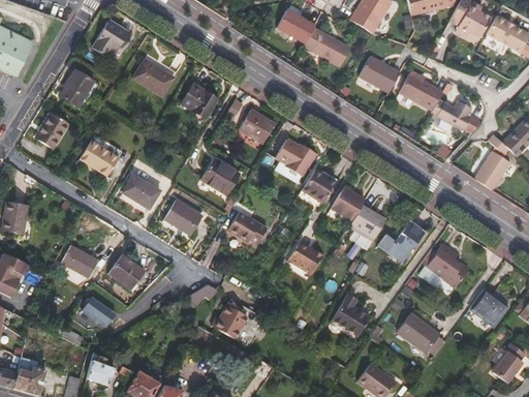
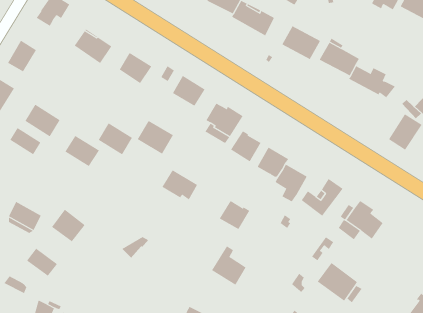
building: none -> [10,127,41,155]
building: [165,200,204,235] -> [98,123,133,155]
building: [472,291,507,325] -> none
building: [333,293,371,336] -> [211,245,246,285]
building: [212,302,248,338] -> none

